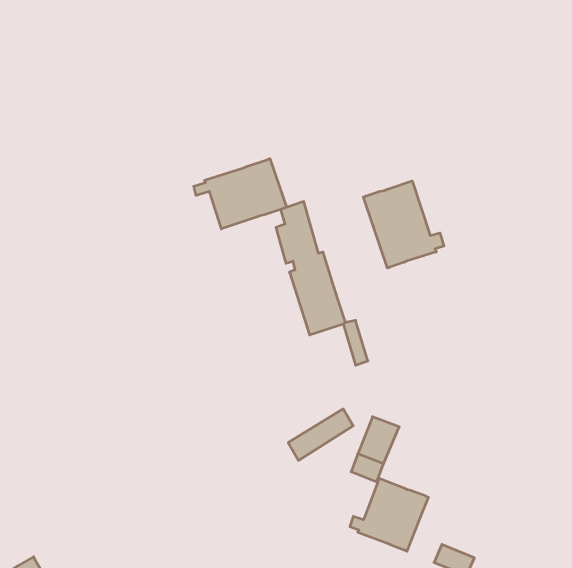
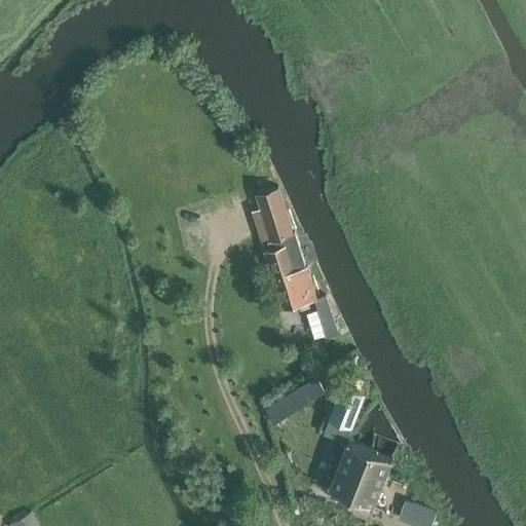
building: [194,159,287,229] -> none
building: [363,181,444,268] -> none

